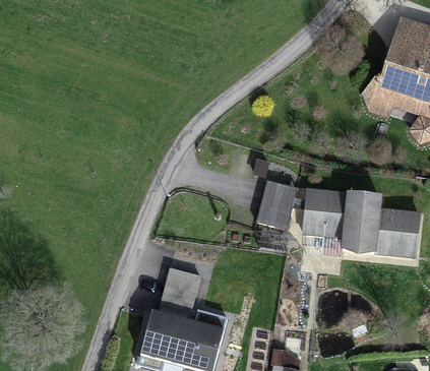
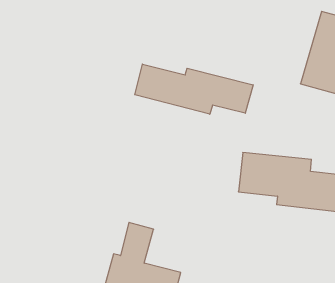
building: none -> [135,64,253,114]
building: [257,182,299,234] -> none

